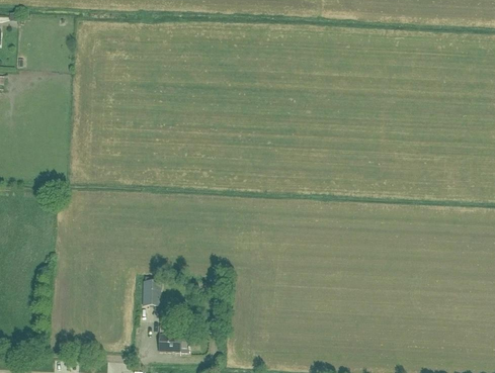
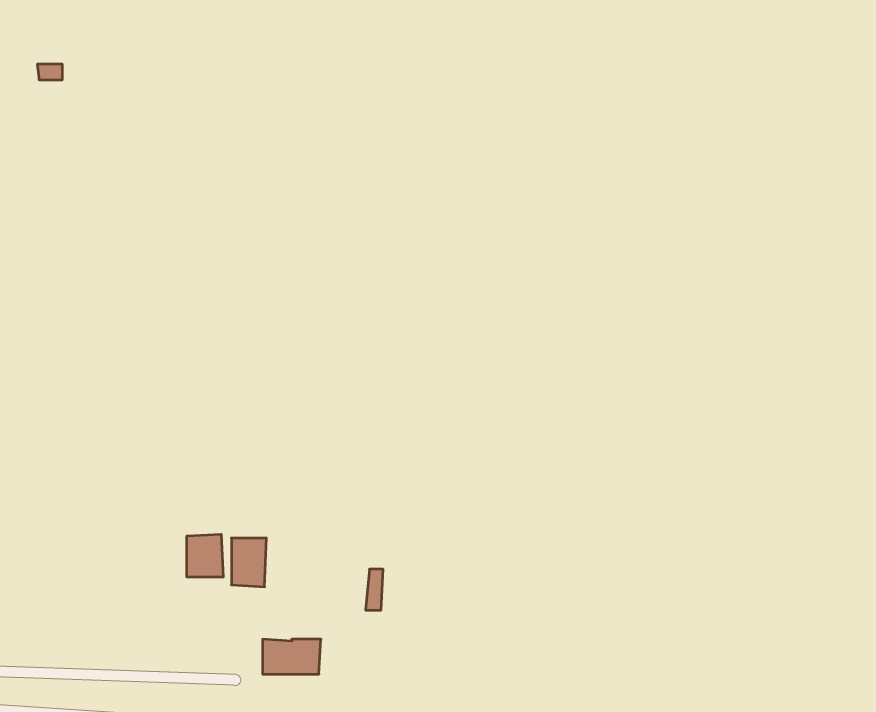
building: none -> [187,534,223,577]

